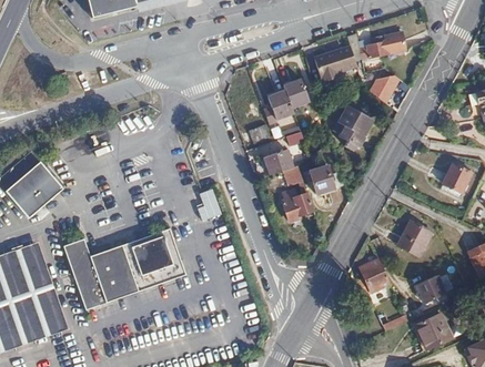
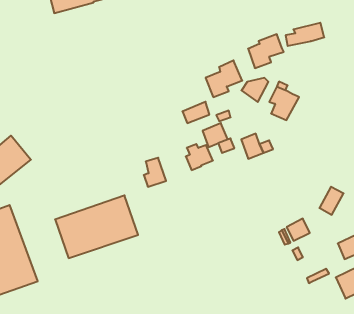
building: [367,74,398,102] -> [241,78,268,102]
building: [282,191,313,221] -> [186,144,213,170]
building: [63,237,108,309] -> none

